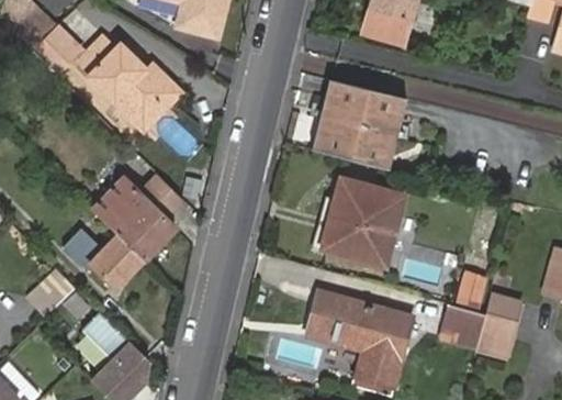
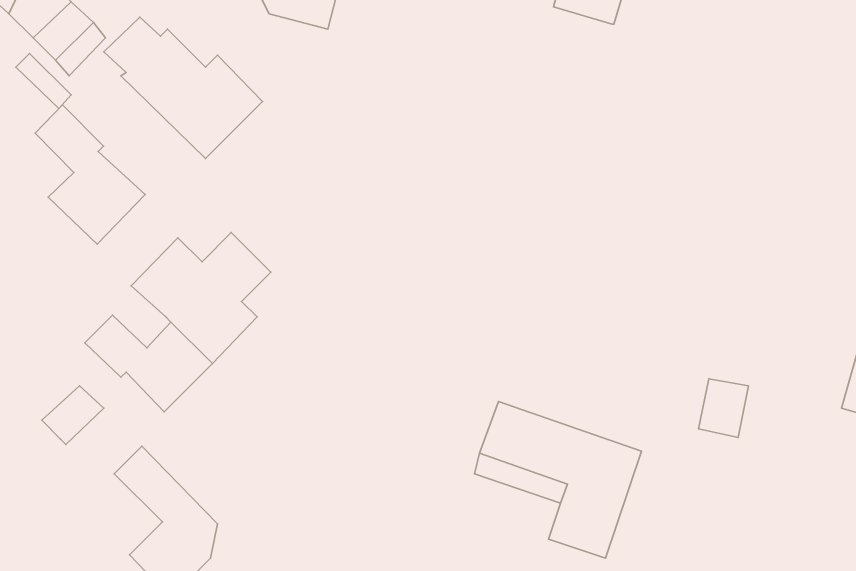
building: [310,77,407,167] -> none
building: none -> [35,105,145,244]
building: [328,180,405,258] -> none
building: [439,295,525,360] -> none

